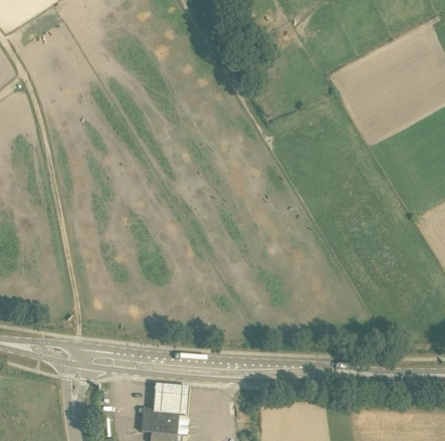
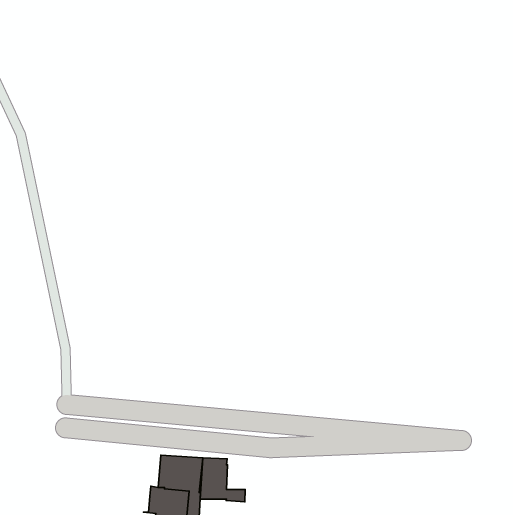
building: none -> [200,458,245,502]

